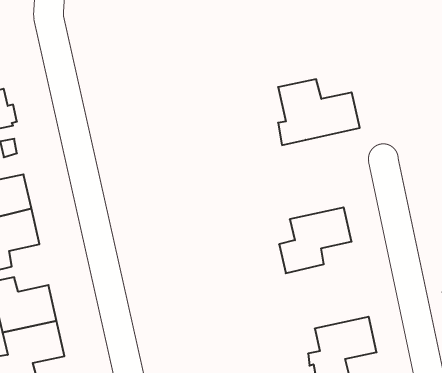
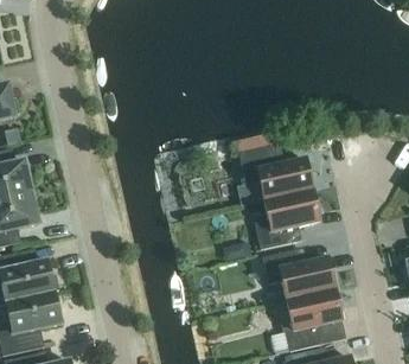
building: [278,79,360,145] -> [239,146,313,205]
building: none -> [263,249,335,299]

